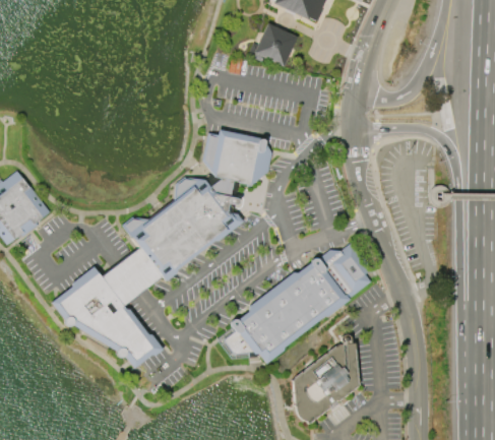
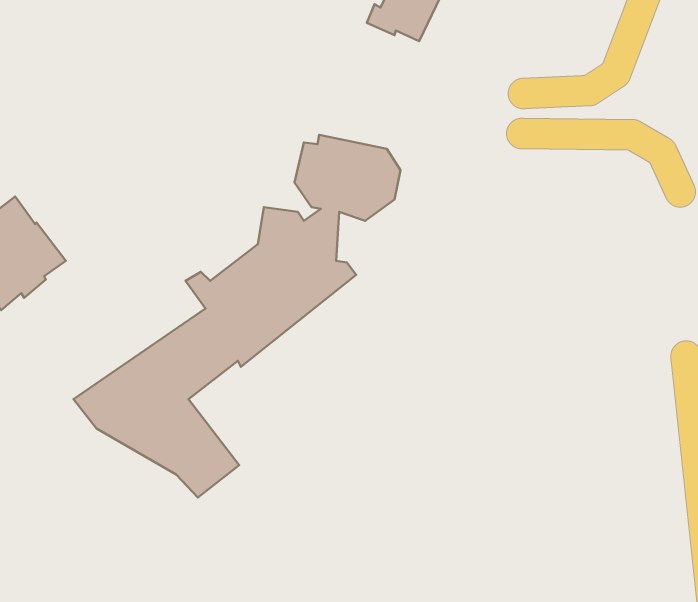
building: [215,246,375,363] -> none
building: [297,342,360,423] -> none

